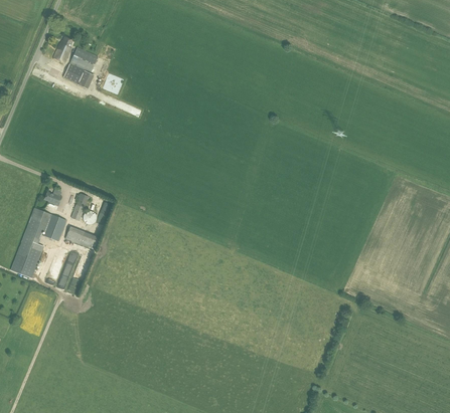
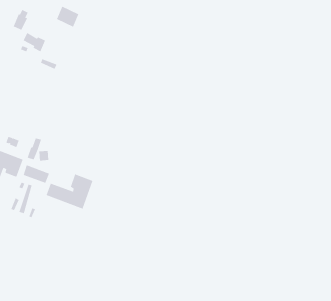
building: [68,46,97,72] -> [56,6,79,27]
building: none -> [46,174,93,209]

